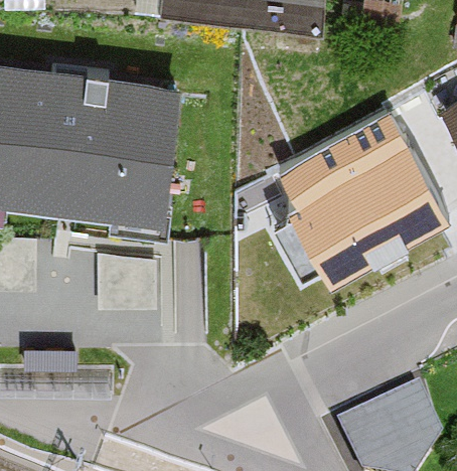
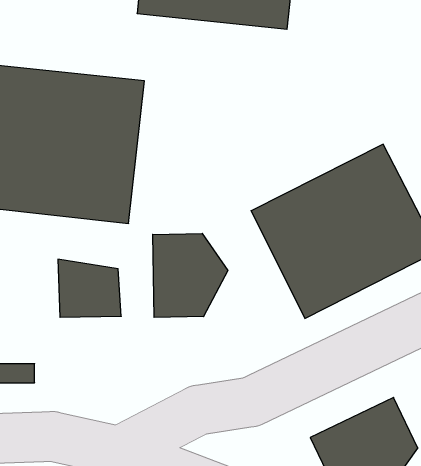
building: none -> [153,233,228,317]

